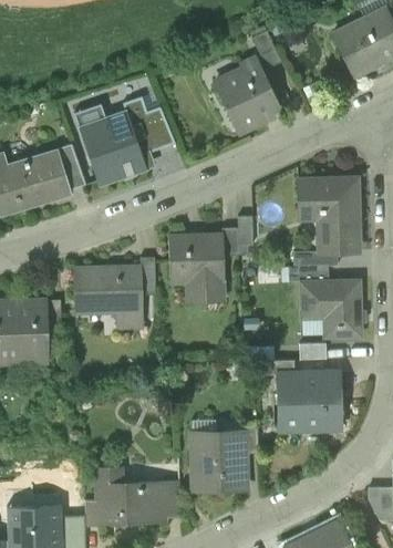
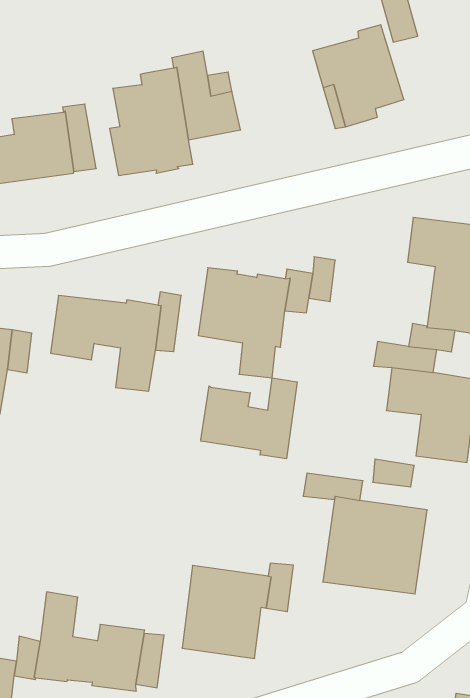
building: [74,103,105,156] -> none
building: none -> [201,378,297,459]

